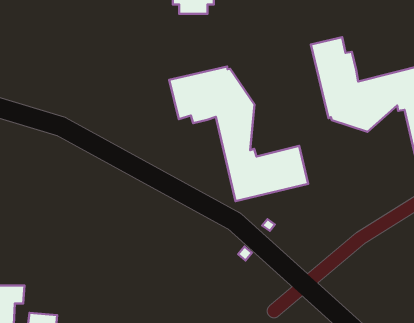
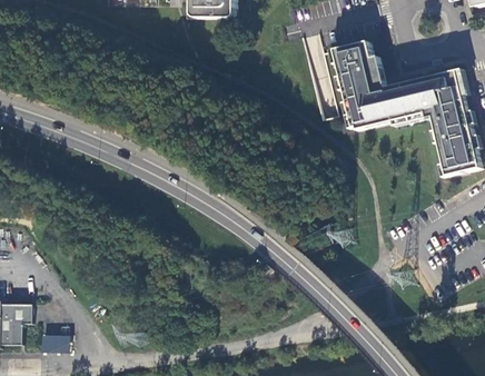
building: [169,66,308,201] -> none

